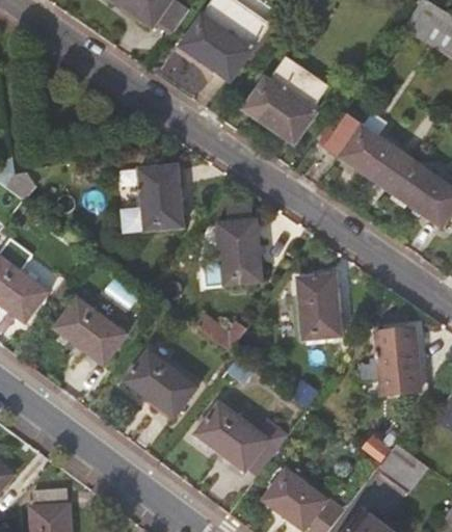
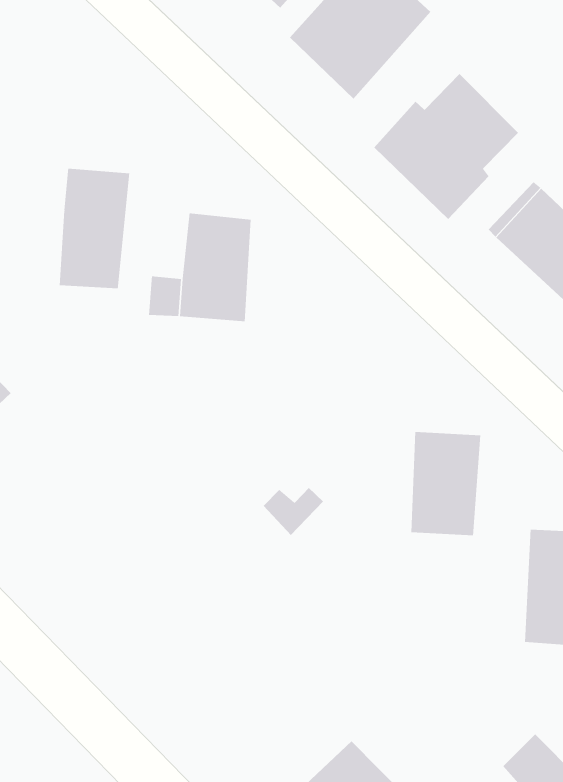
building: none -> [59,168,130,289]
building: [216,217,262,285] -> none
building: [53,297,125,365] -> none
building: [126,350,197,419] -> none
building: [196,402,269,472] -> none

